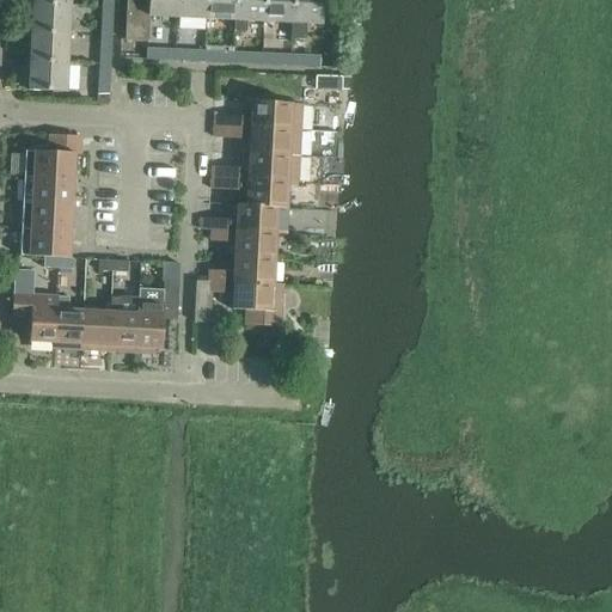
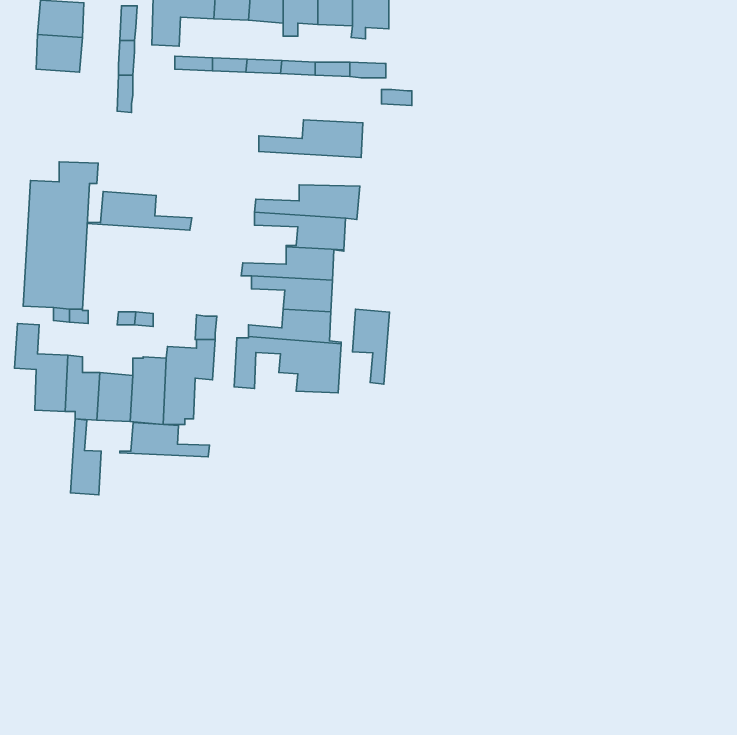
building: [29,57,67,90] -> none
building: [214,126,300,154] -> none
building: none -> [87,191,192,230]
building: none -> [353,309,390,384]
building: none -> [71,419,101,495]
building: none -> [120,423,209,457]

